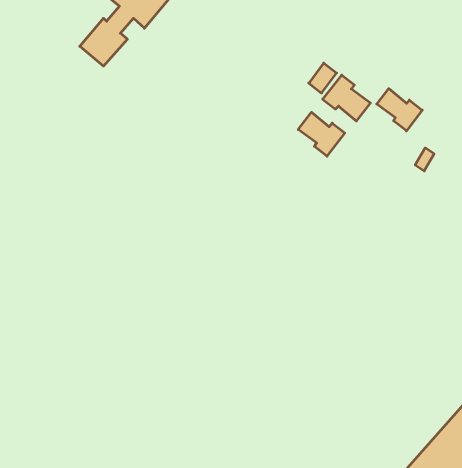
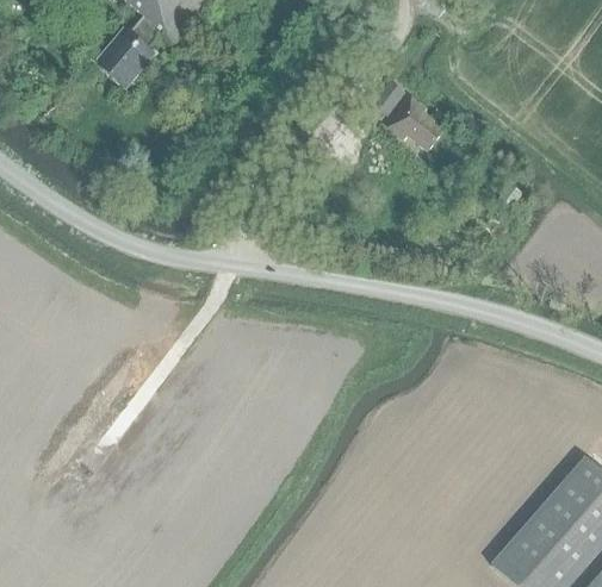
building: [377,89,422,131] -> none
building: [298,112,345,156] -> none

